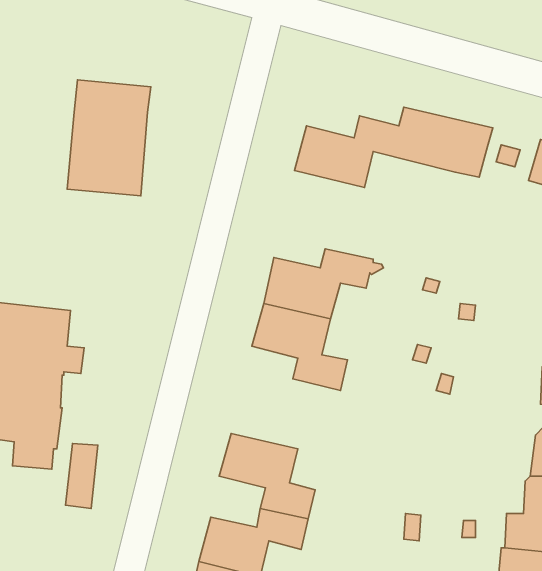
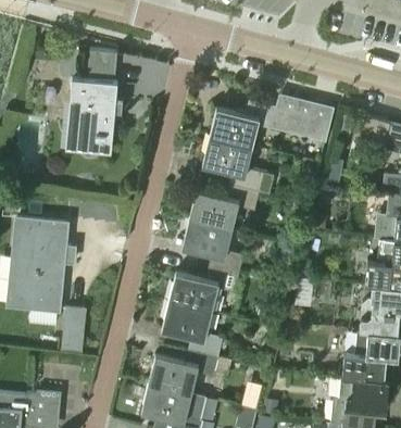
building: none -> [86,52,116,78]
building: none -> [202,136,274,194]
building: none -> [168,268,238,313]

